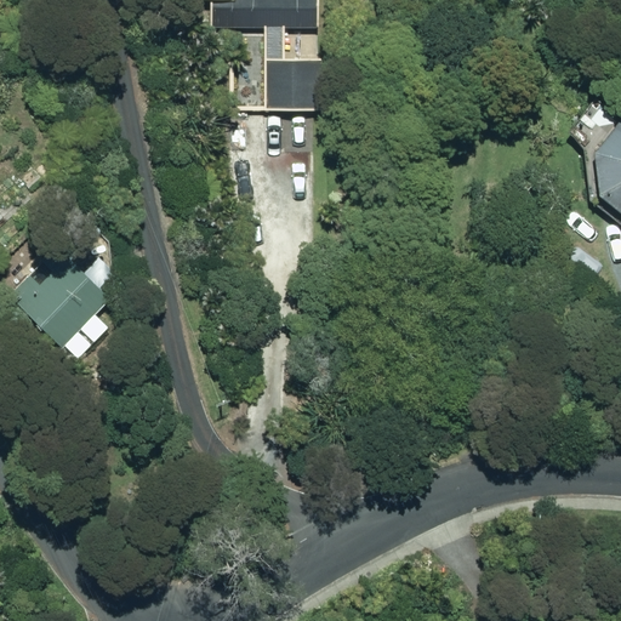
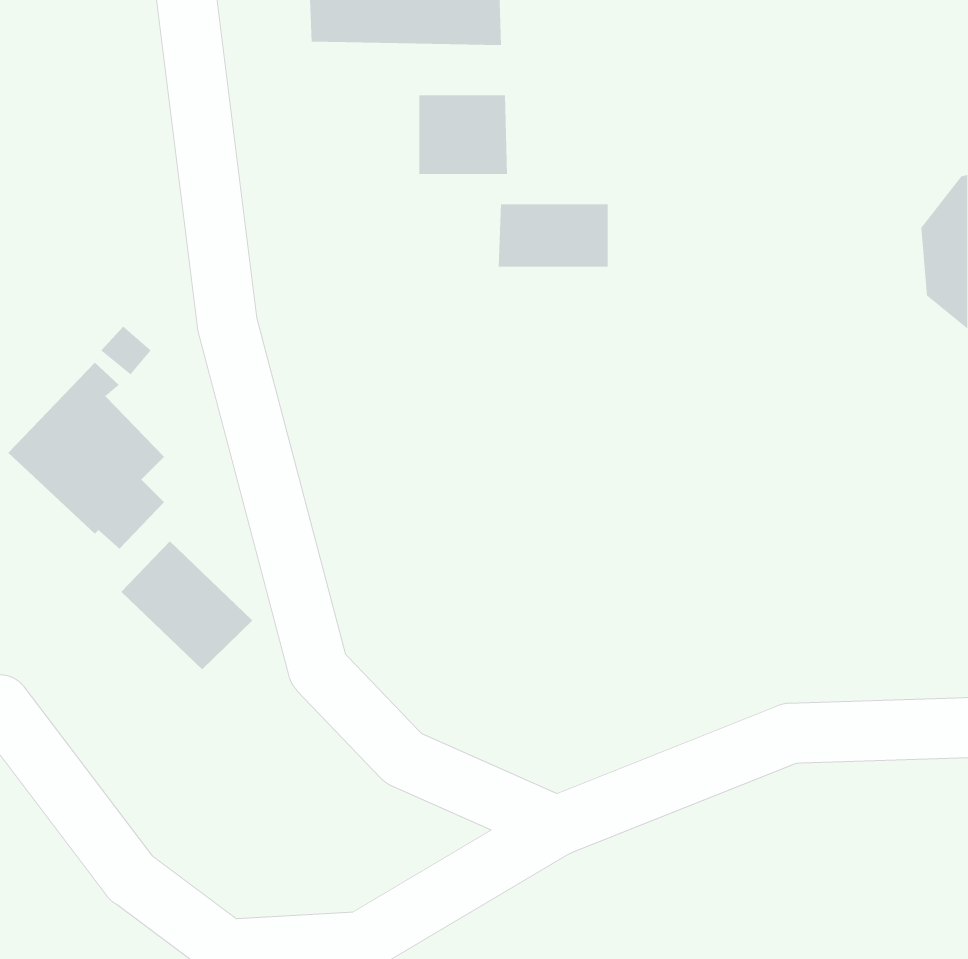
building: none -> [498,203,608,267]
building: none -> [121,540,253,670]

